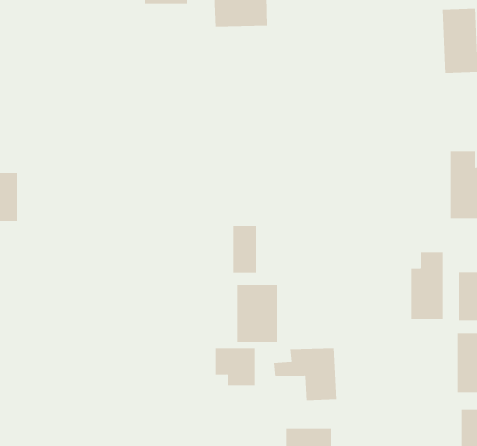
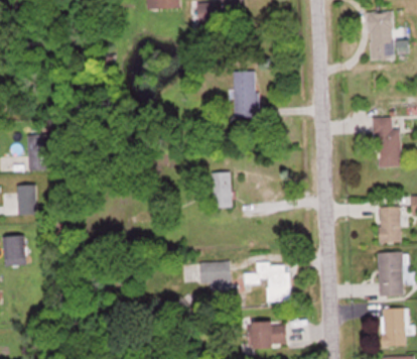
building: none -> [233,71,256,117]
building: [411,251,443,320] -> none
building: [237,284,278,343] -> none

